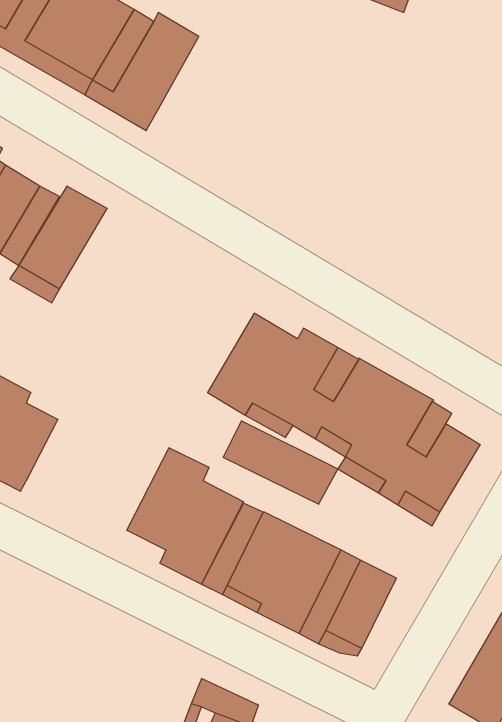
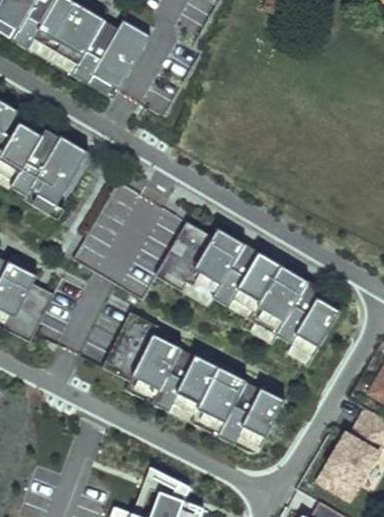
building: [223,421,338,504] -> none

